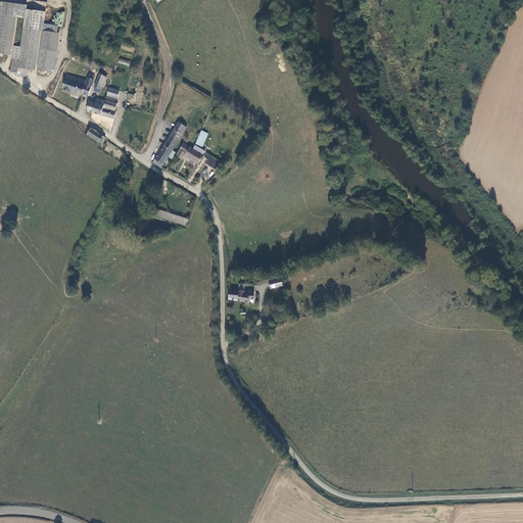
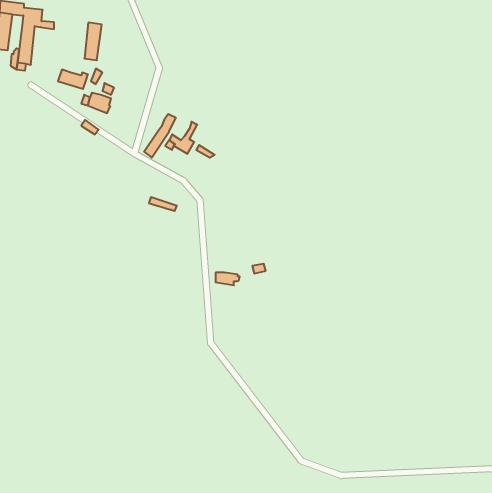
building: [39,30,57,69] -> [84,23,102,60]

